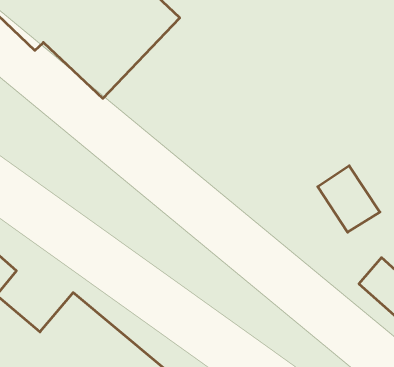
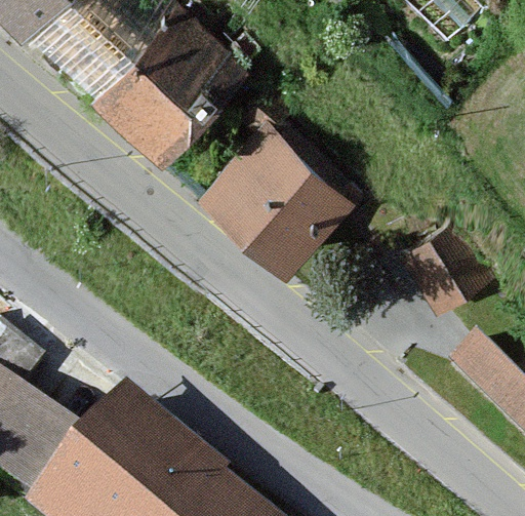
building: none -> [194,118,361,284]

